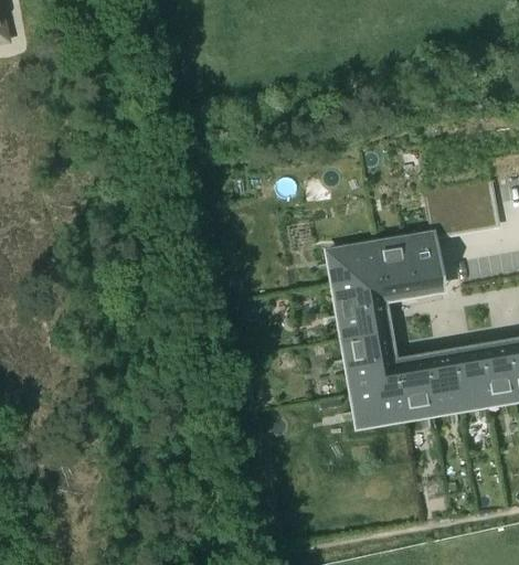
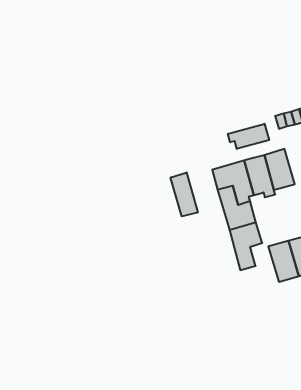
building: none -> [228,124,269,149]
building: none -> [171,172,198,216]
building: [354,362,404,424] -> none

